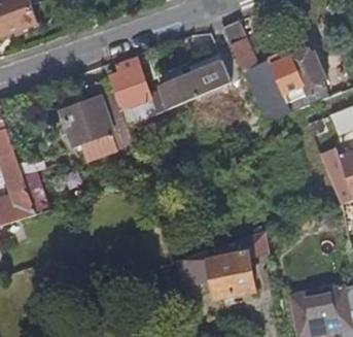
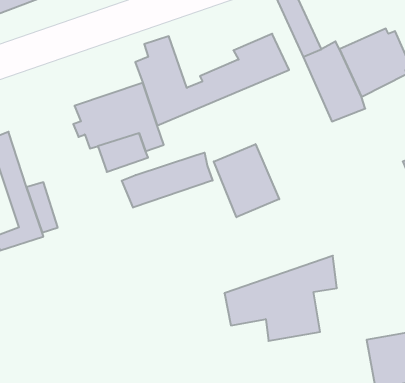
building: none -> [214,144,279,217]
building: none -> [122,153,213,208]

